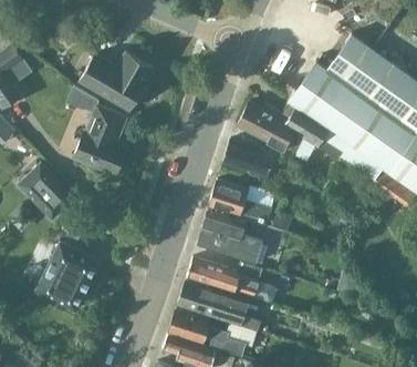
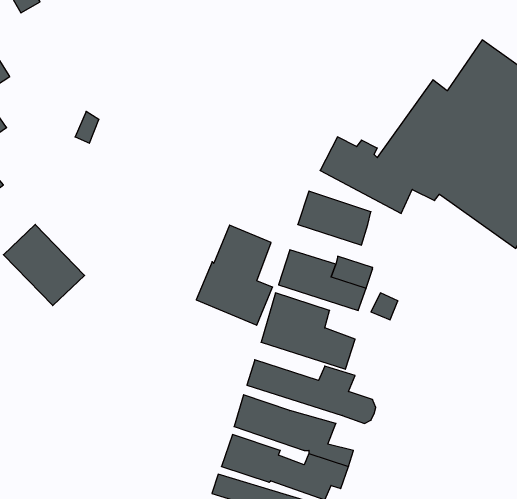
building: [80,52,154,111] -> none
building: [74,105,127,175] -> [196,225,273,325]
building: [37,242,101,312] -> none

